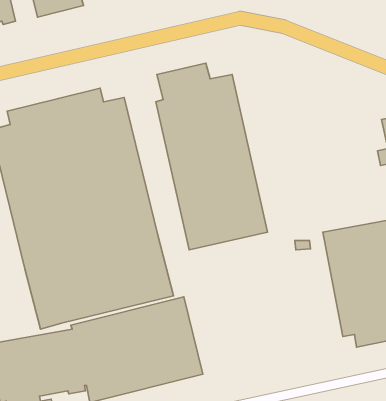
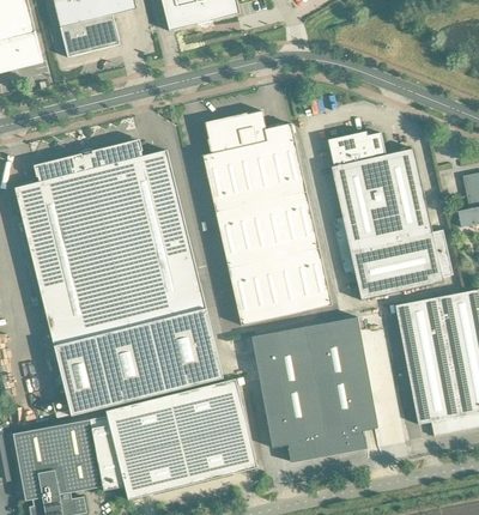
building: none -> [327,131,451,299]
building: none -> [250,316,377,461]

